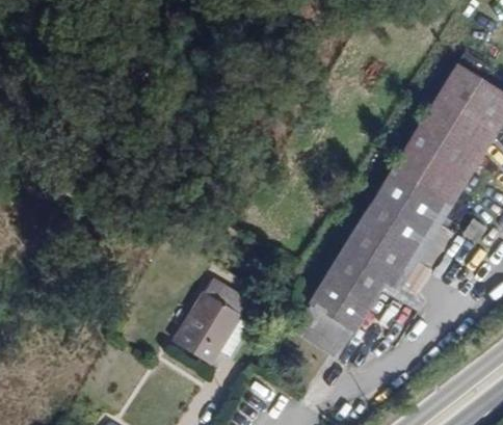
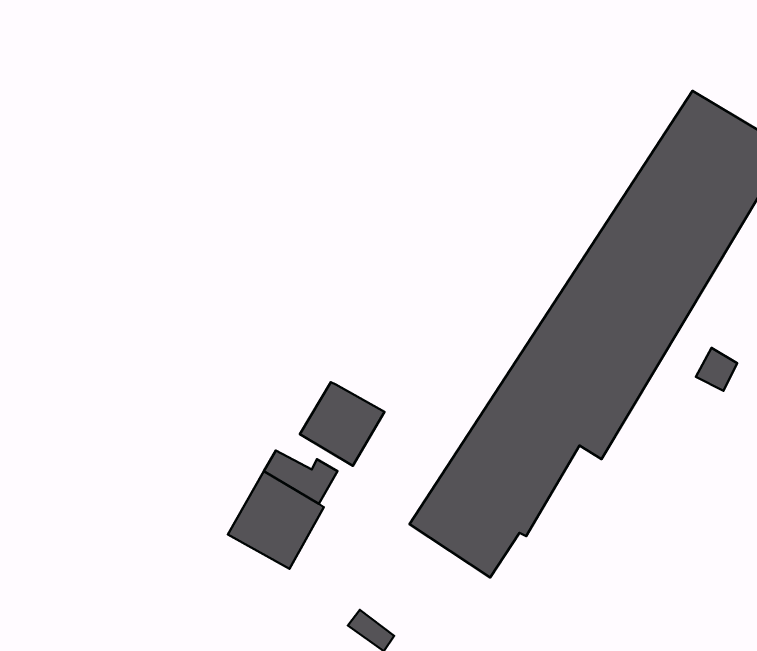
building: none -> [300,382,385,466]

